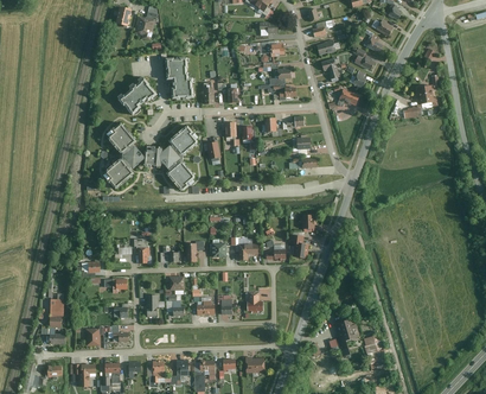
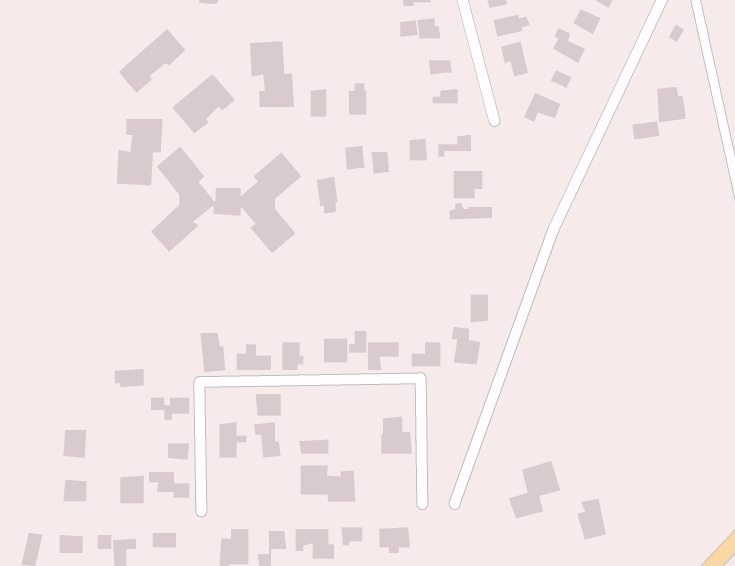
building: none -> [118,28,186,94]
building: none -> [116,118,163,186]
building: none -> [300,465,356,502]

